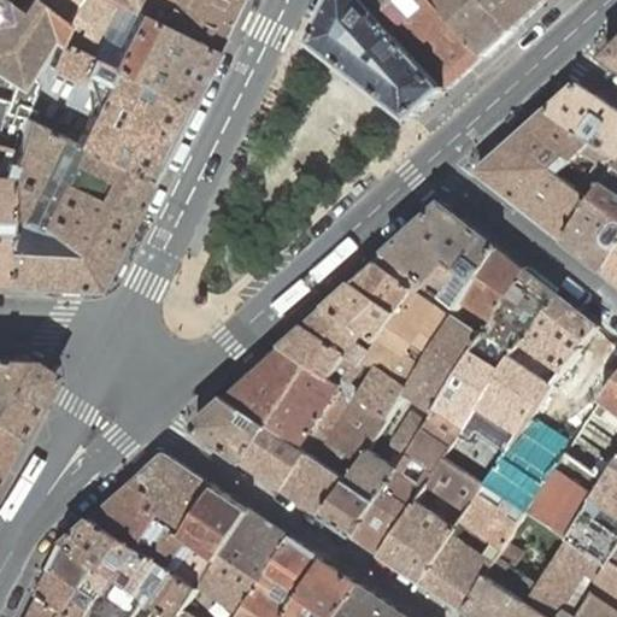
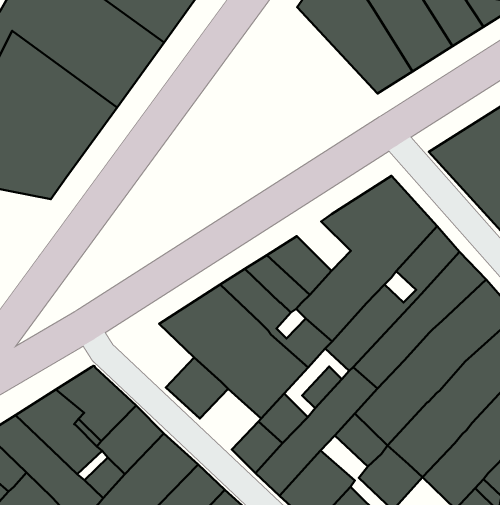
building: [351,263,410,312] -> none
building: [192,398,265,463] -> none
building: [282,453,346,516] -> none

